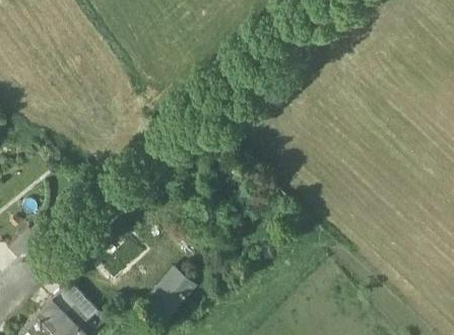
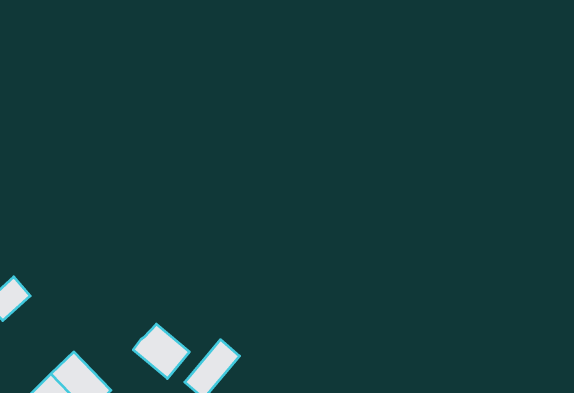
building: none -> [133,324,189,379]

